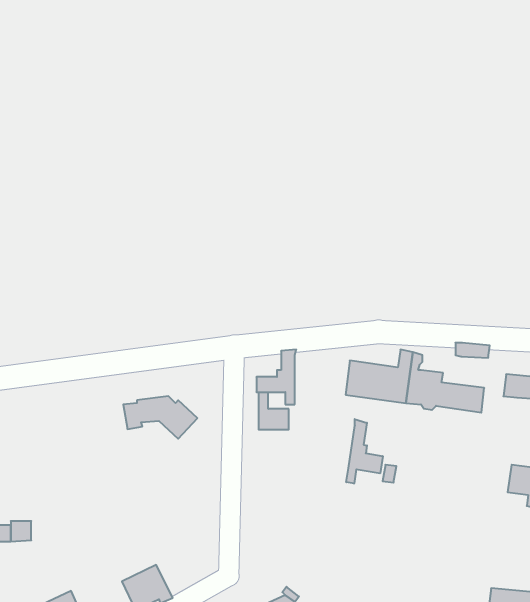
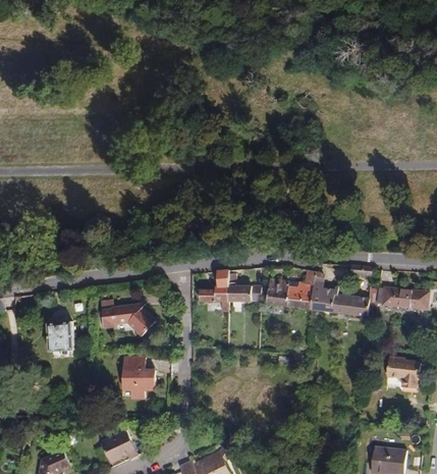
building: [259,393,289,430] -> [228,273,251,301]
building: [346,419,383,484] -> none
building: none -> [47,321,73,351]
building: none -> [122,357,156,398]

